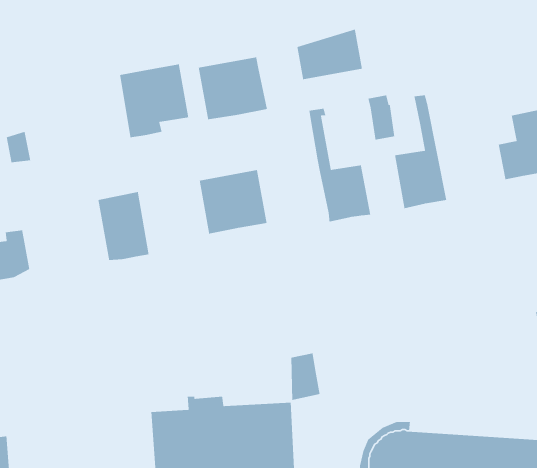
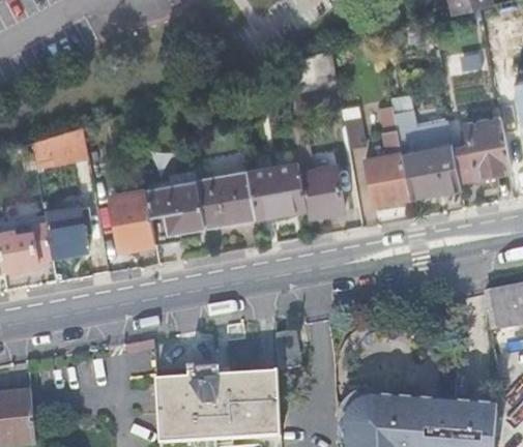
building: [198,56,268,120] -> [248,163,308,218]
building: [119,64,189,138] -> [145,181,205,245]
building: none -> [394,111,461,199]
building: none -> [48,127,87,165]
building: none -> [45,207,88,258]

